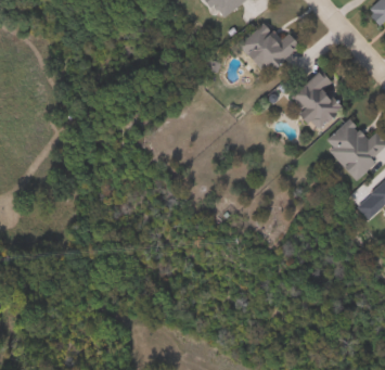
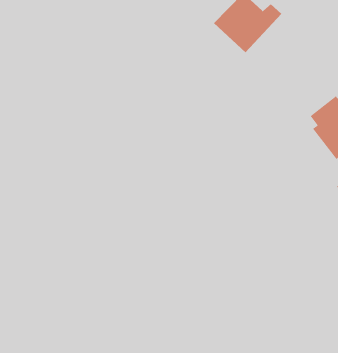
building: [290,69,345,128] -> none

